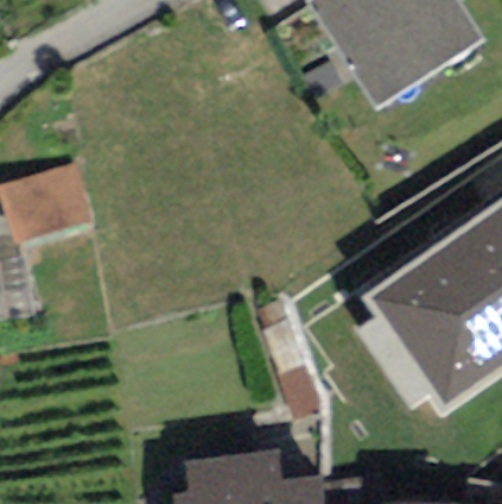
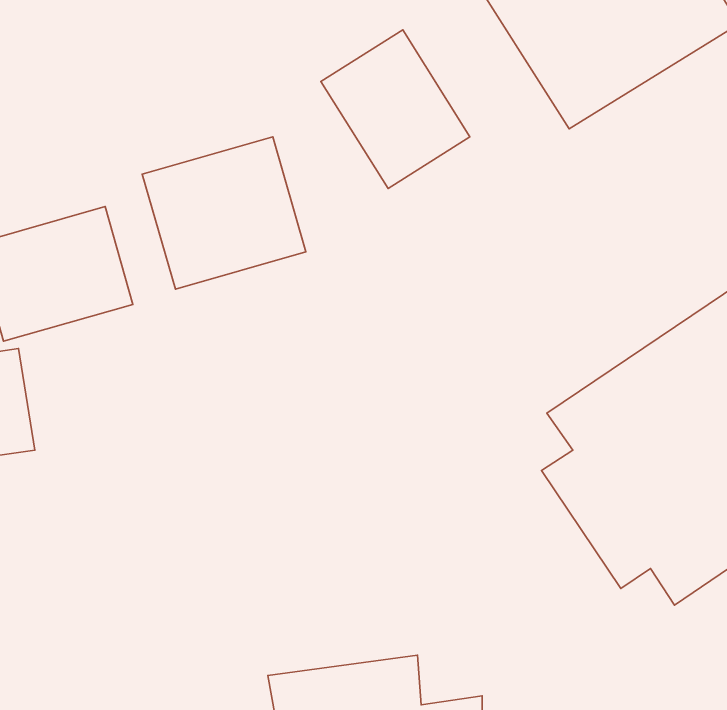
building: none -> [321,30,470,188]
building: none -> [142,137,306,289]

